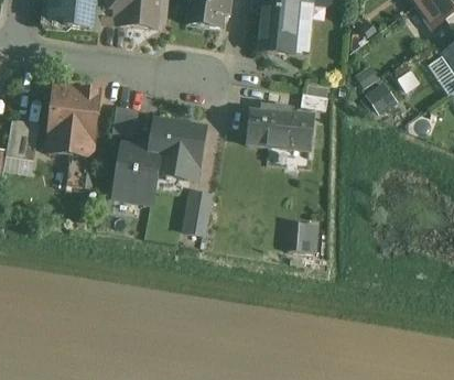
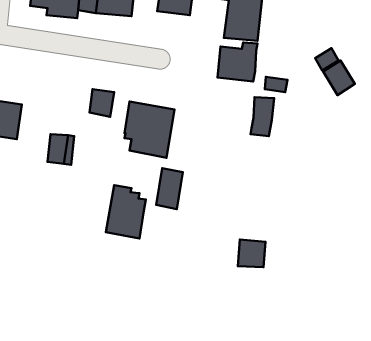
building: [48,86,97,143] -> none
building: [248,106,291,148] -> [217,43,257,82]
building: [115,144,158,202] -> [106,185,146,238]
building: [287,221,316,251] -> [238,240,266,267]

